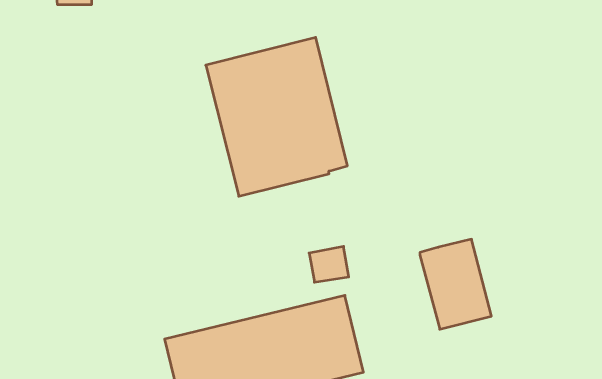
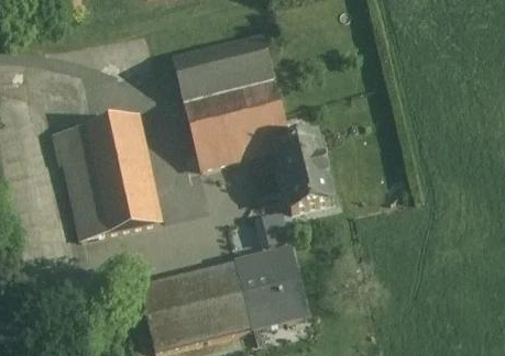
building: none -> [54,114,160,237]
building: [420,239,491,329] -> [275,134,334,209]

